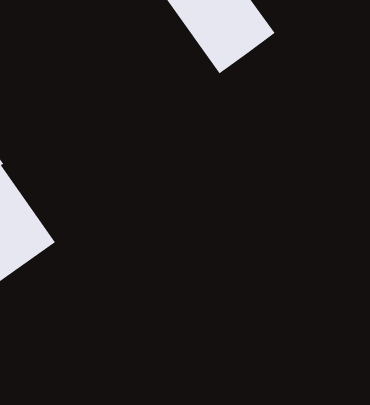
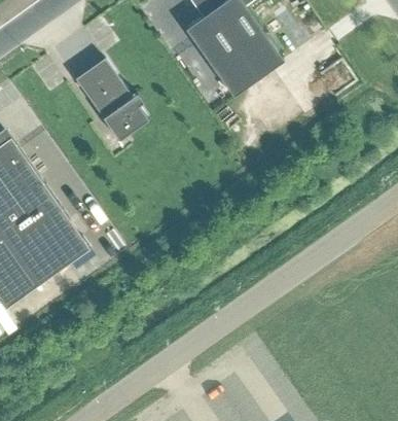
building: none -> [77,61,147,139]

